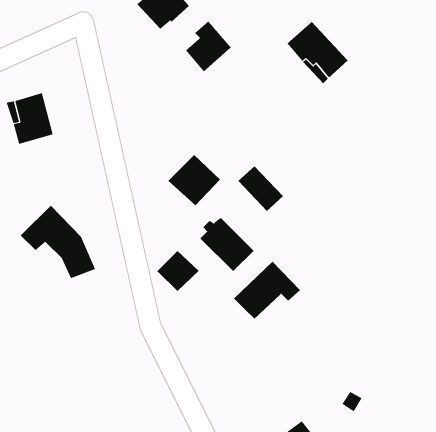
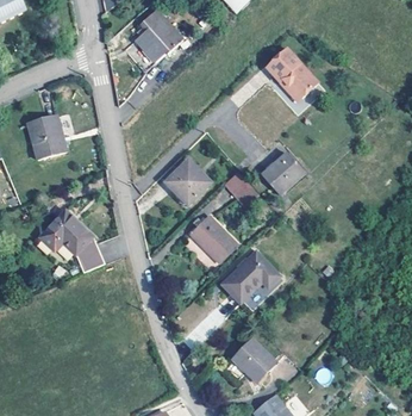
building: [185,21,232,72] -> none
building: none -> [264,155,306,195]
building: [157,250,199,292] -> none
building: none -> [230,340,273,383]

